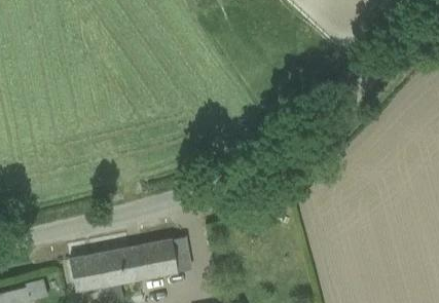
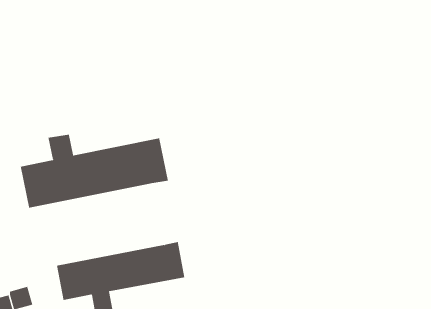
building: none -> [20,134,169,209]

